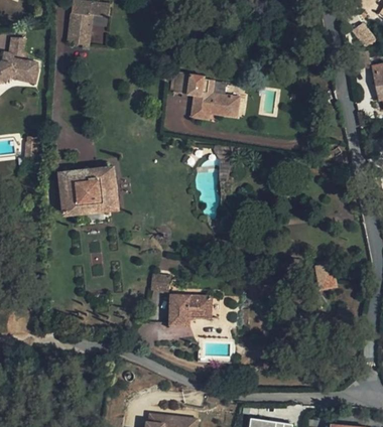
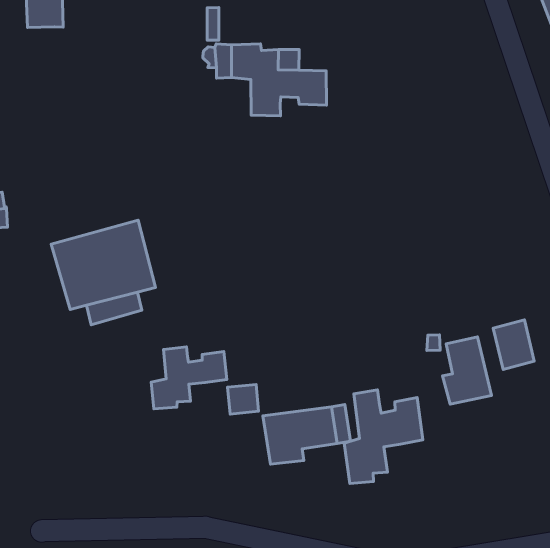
building: none -> [151,347,227,409]
building: none -> [443,337,492,404]
building: none -> [344,390,423,484]

